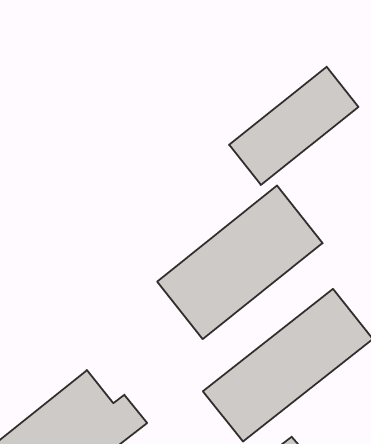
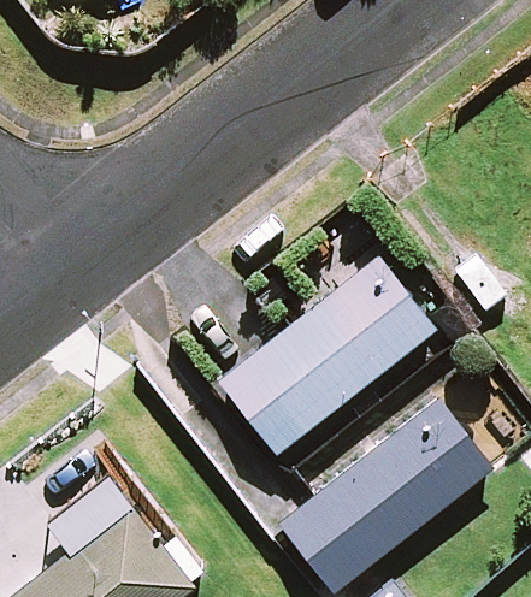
building: [229,67,358,185] -> none

